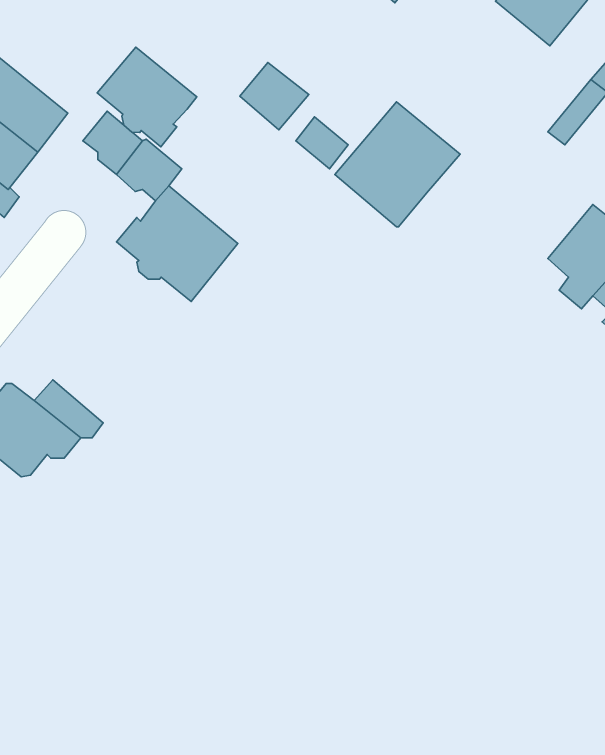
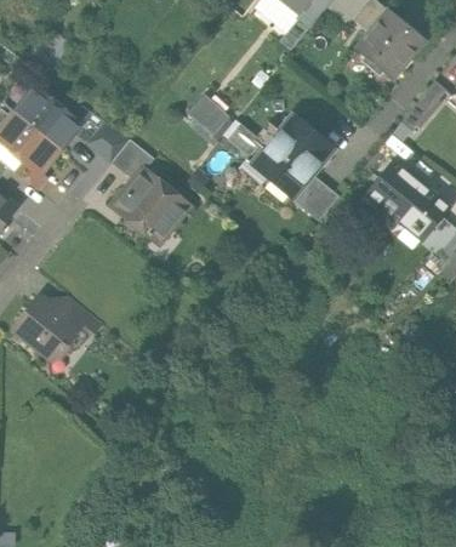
building: [97,47,197,147] -> none
building: none -> [364,159,420,216]
building: none -> [291,173,338,220]

